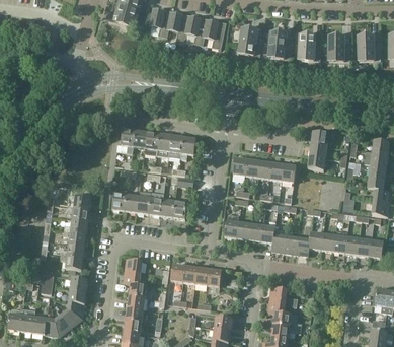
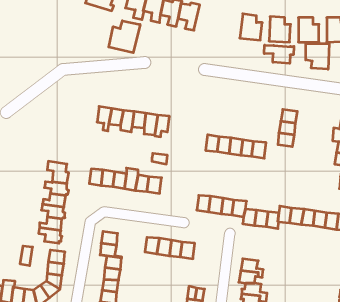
building: [239,28,262,56] -> none
building: none -> [109,21,140,53]
building: none -> [306,44,329,69]
building: none -> [264,45,294,63]

